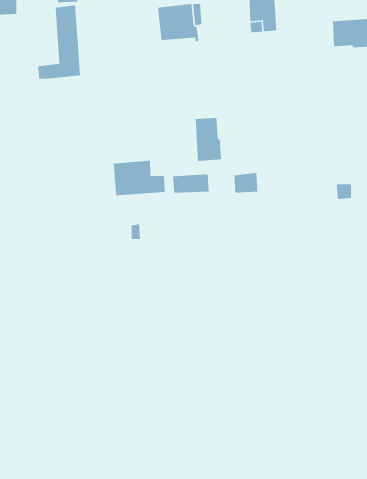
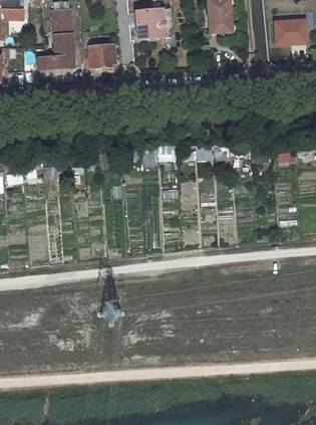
building: none -> [82,42,114,67]
building: [195,117,222,162] -> none
building: [113,160,166,196] -> none

